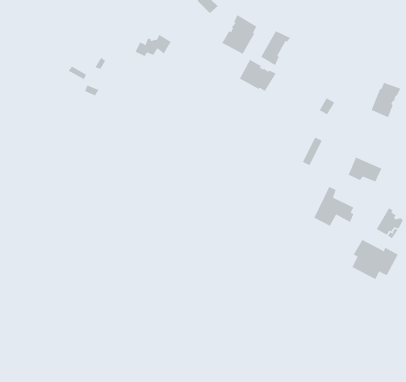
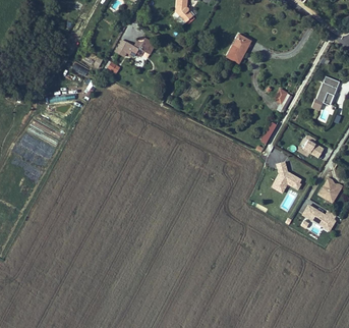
building: [222,14,257,55] -> none
building: [239,59,276,92] -> none

